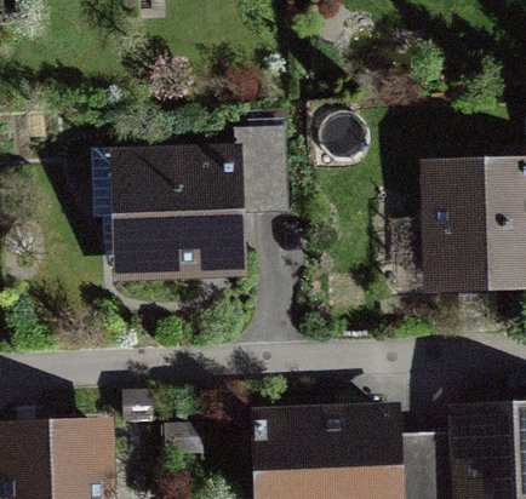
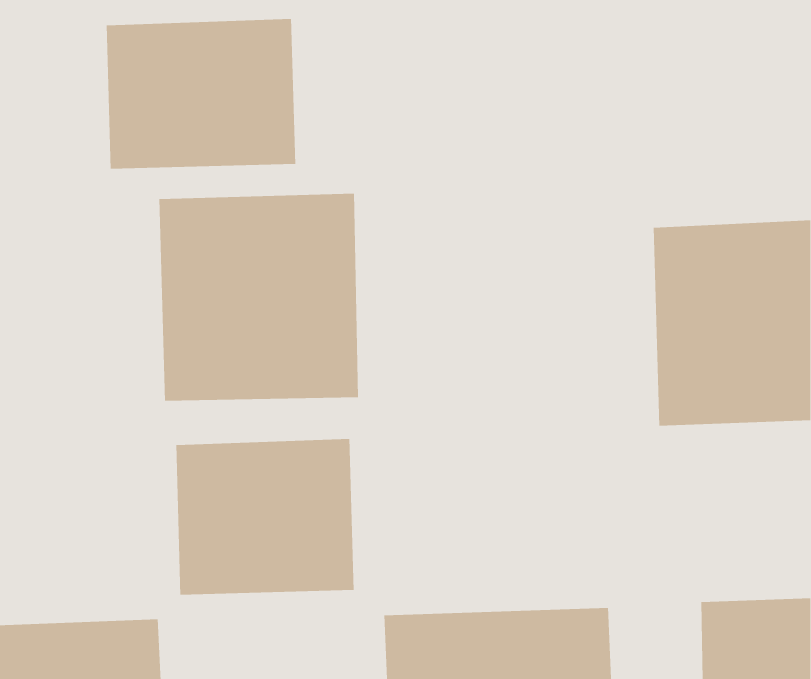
building: none -> [106,18,296,170]
building: none -> [176,438,354,595]

